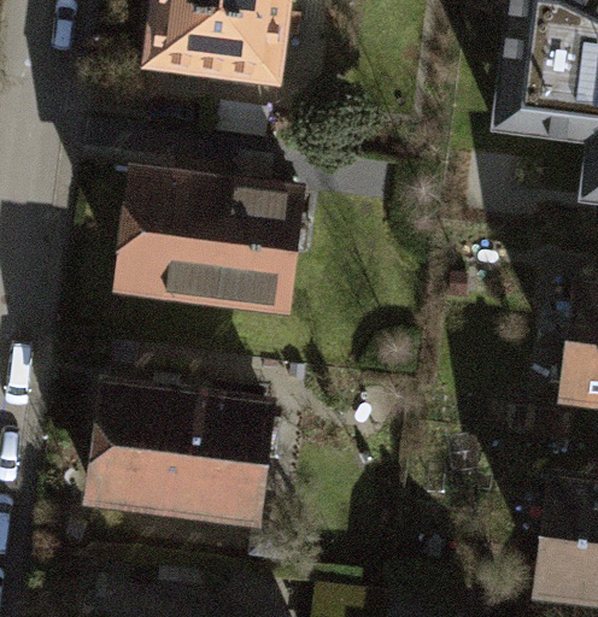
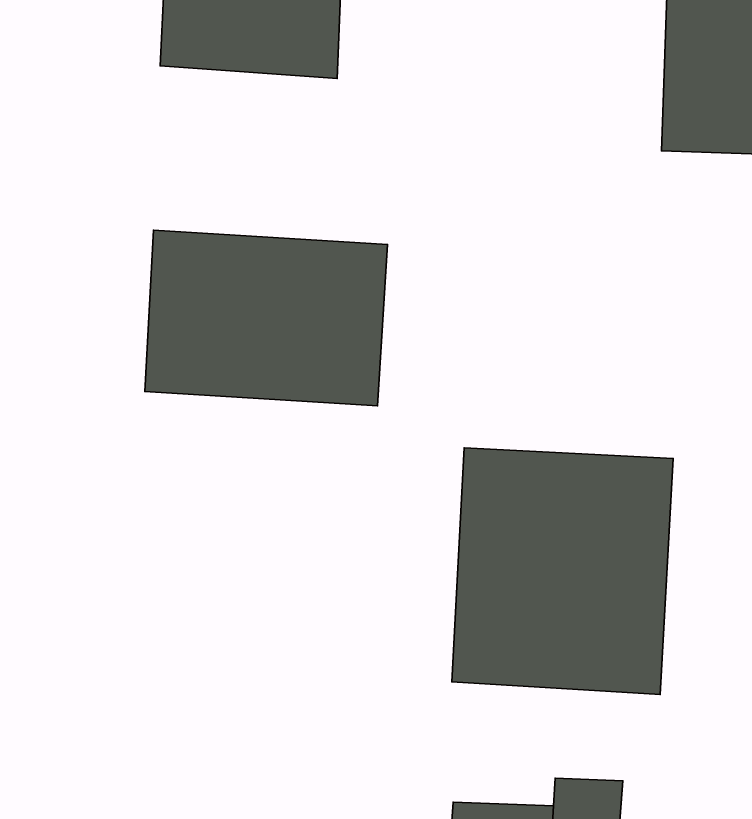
building: none -> [452,448,673,695]
building: [95,393,272,523] -> none

